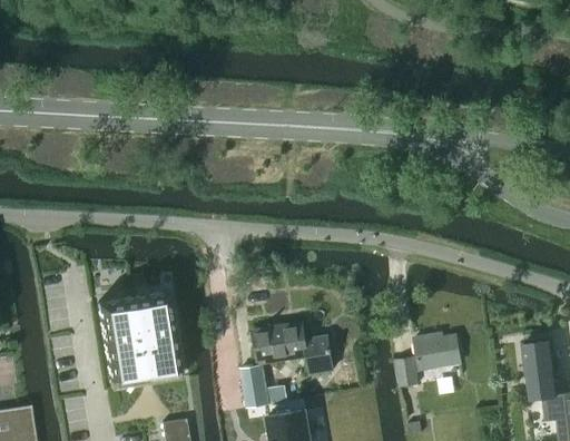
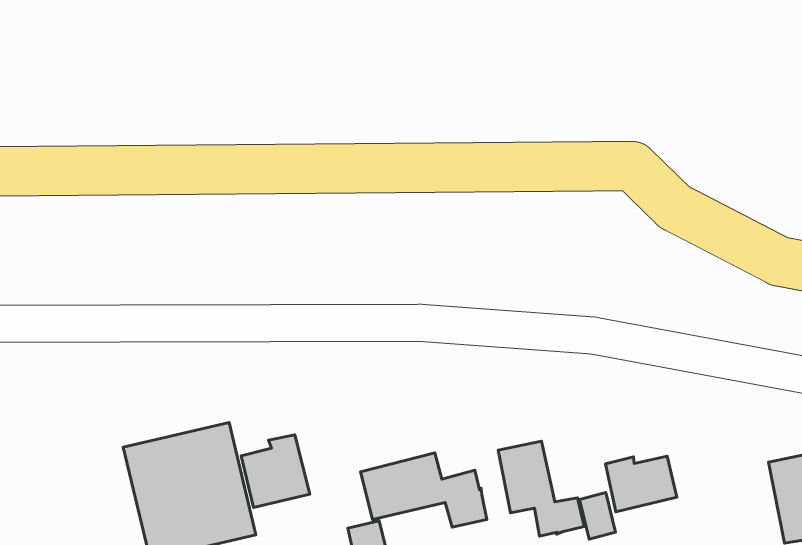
building: none -> [241,435,310,507]
building: none -> [498,441,584,536]

